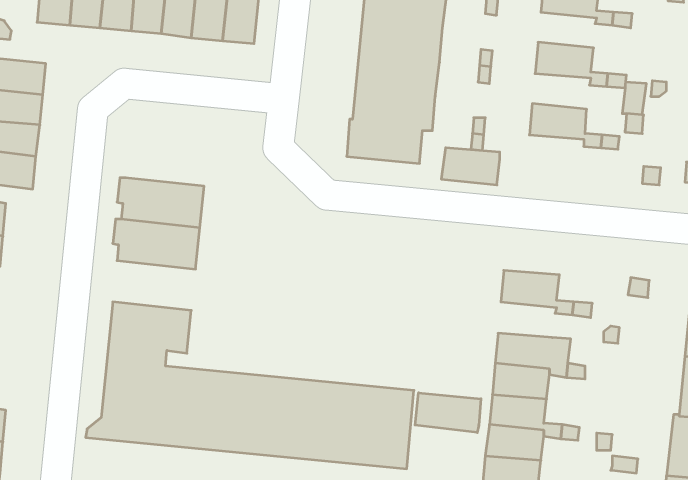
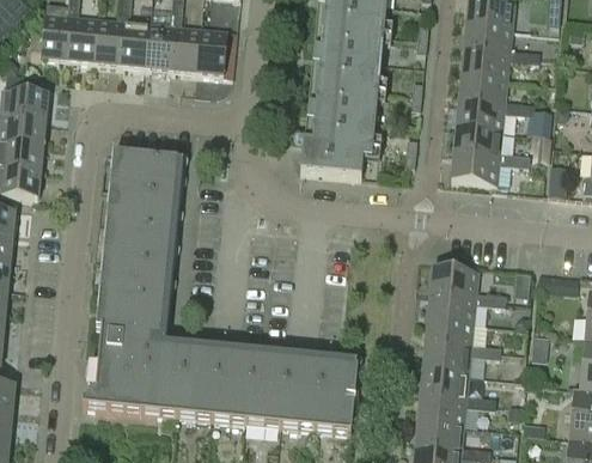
building: none -> [460,49,509,79]
building: none -> [456,100,505,130]
building: none -> [111,152,184,195]
building: [441,148,500,185] -> [450,152,499,183]
building: none -> [100,257,173,299]
building: none -> [427,292,476,322]
building: [415,393,481,433] -> none

